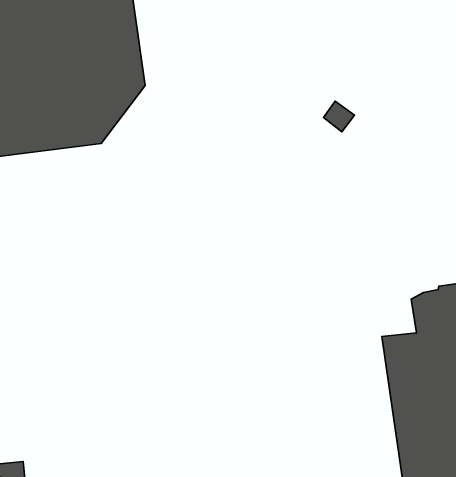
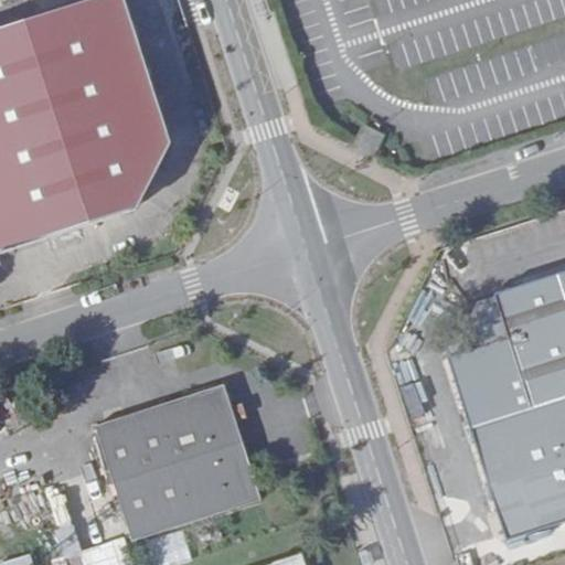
building: none -> [97,384,258,539]

